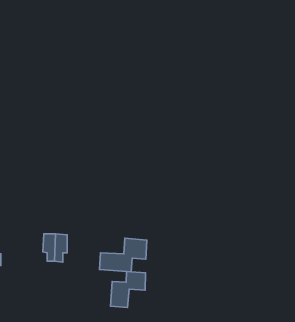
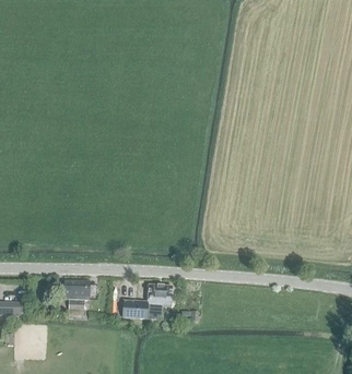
building: [111,271,146,307] -> none

